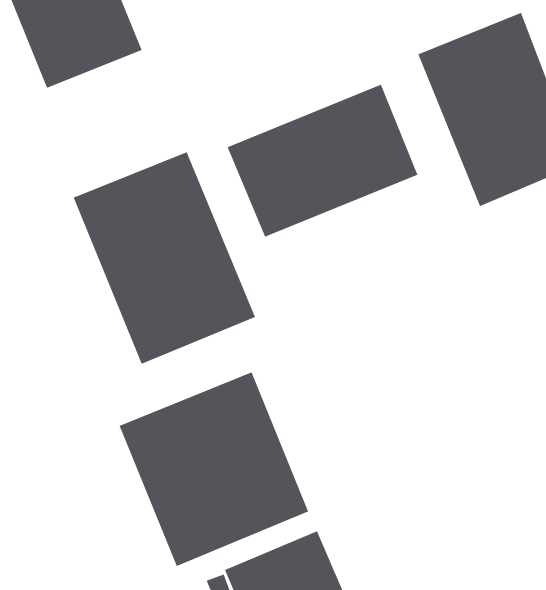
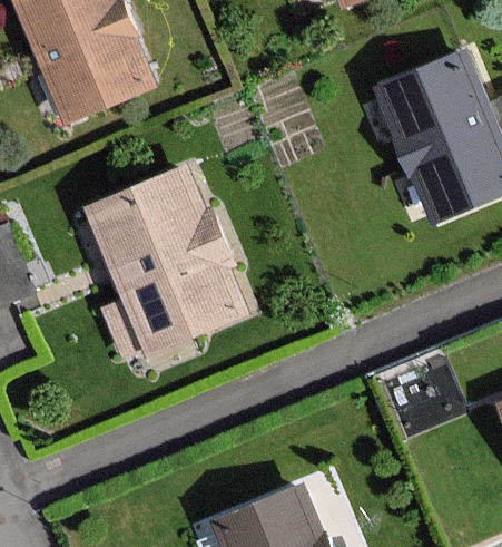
building: [227,84,418,237] -> none
building: [119,371,309,567] -> none

